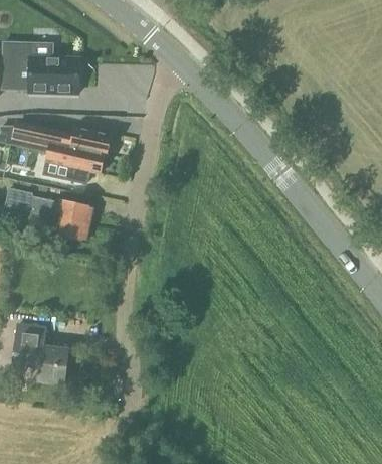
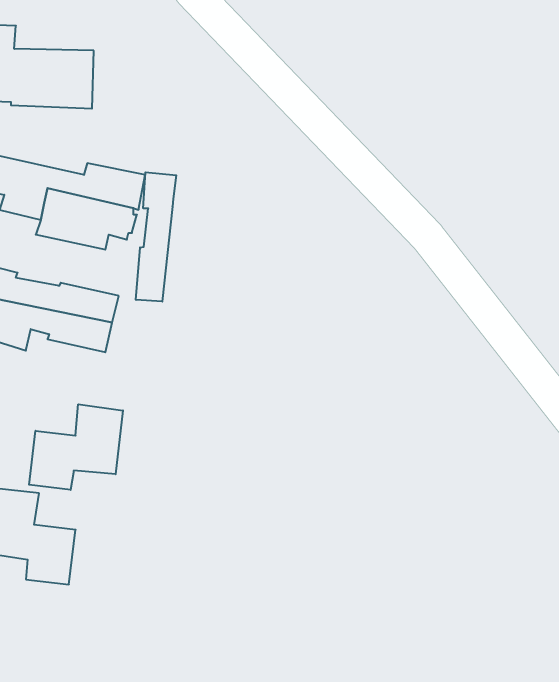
building: none -> [136,172,176,302]
building: none -> [29,404,123,490]

